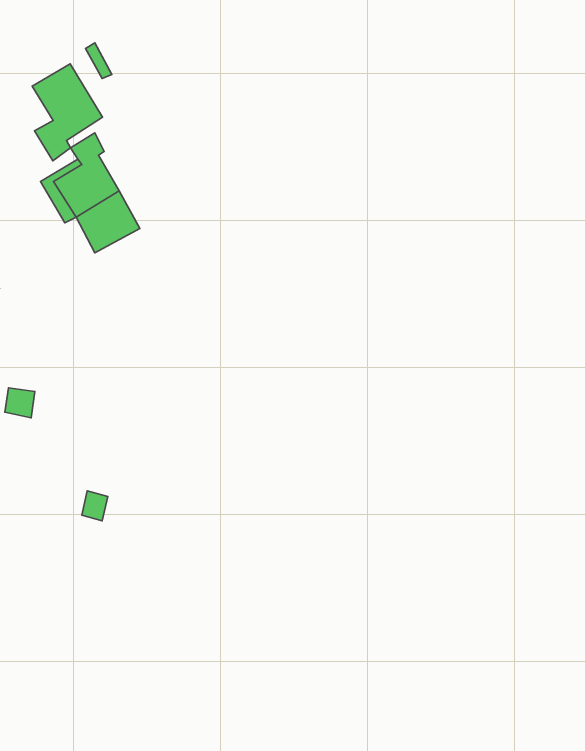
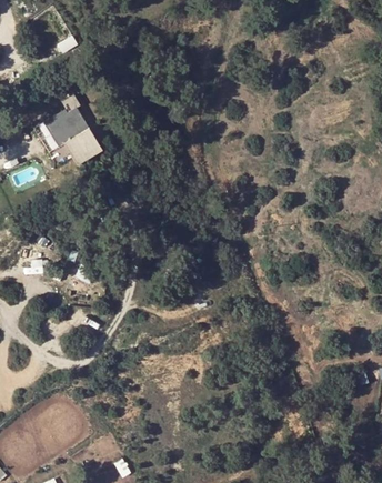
building: [32,64,103,161] -> none

